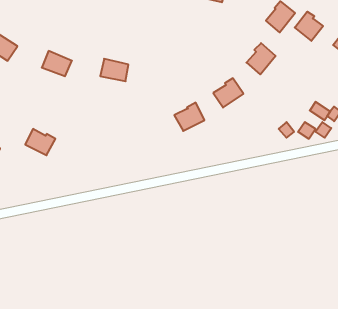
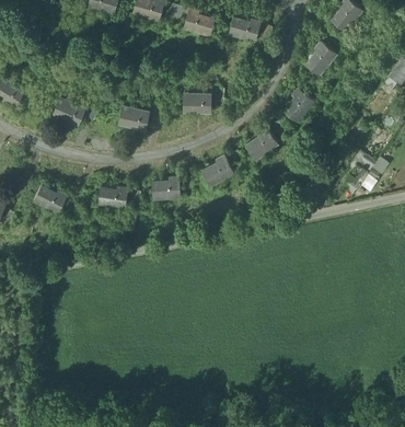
building: [295,12,323,41] -> none
building: none -> [184,91,211,112]
building: none -> [152,175,181,199]
building: none -> [99,185,128,207]

